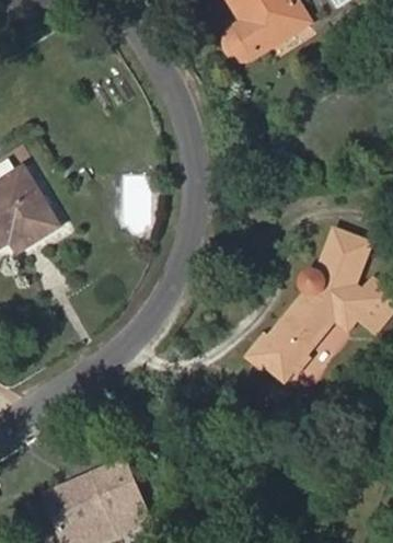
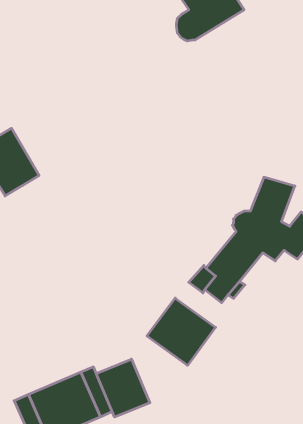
building: none -> [147,298,216,365]
building: none -> [96,359,150,417]

